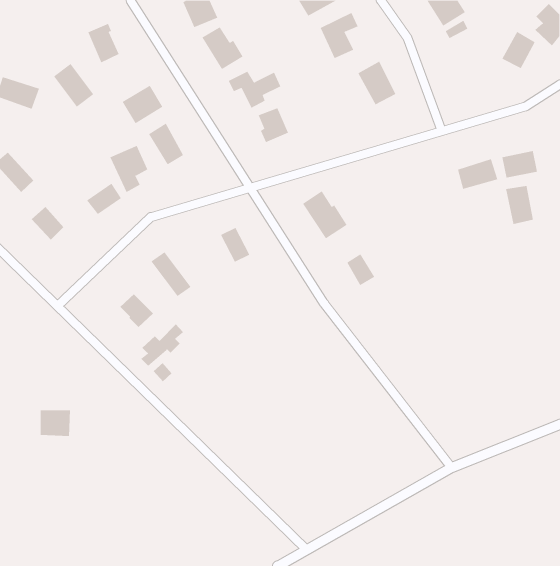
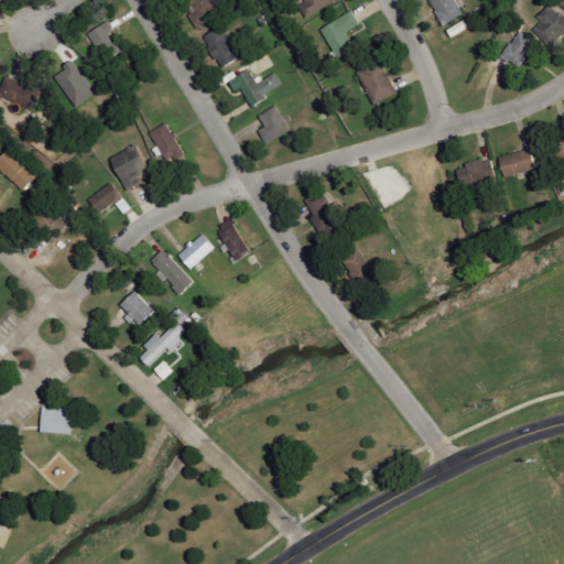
building: [122,85,163,124] -> none
building: [506,185,533,225] -> none
building: none -> [176,234,215,270]

